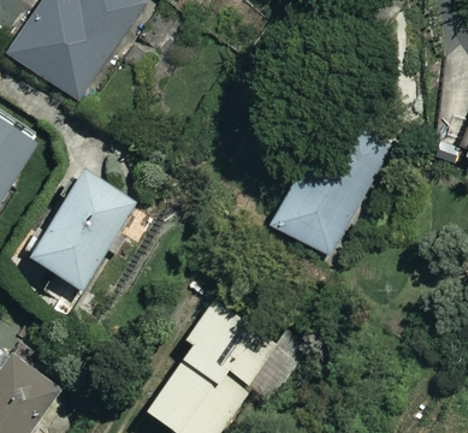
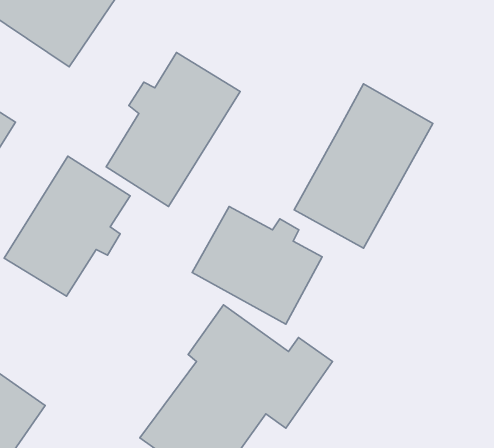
building: none -> [106,52,240,206]
building: none -> [192,206,322,324]

